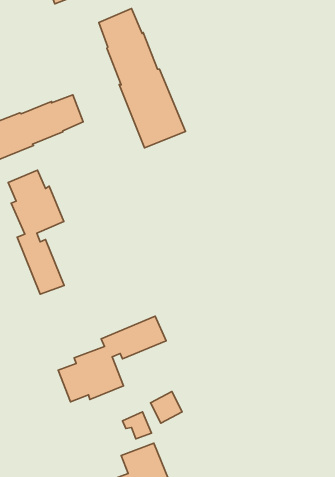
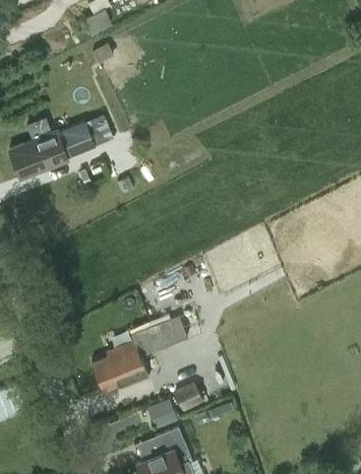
building: [99,9,186,148] -> none
building: [8,170,64,294] -> none

